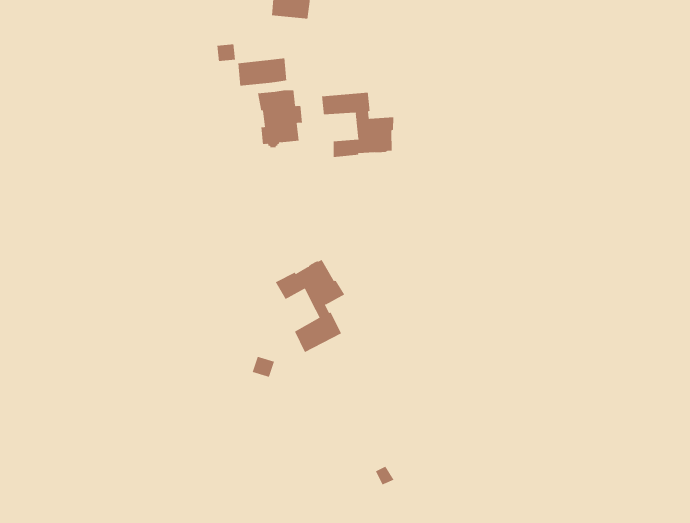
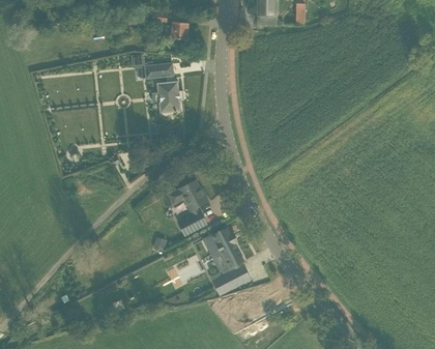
building: [321,92,394,158] -> none
building: none -> [205,229,251,296]

